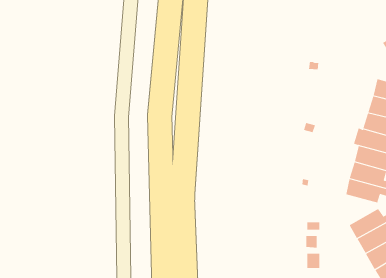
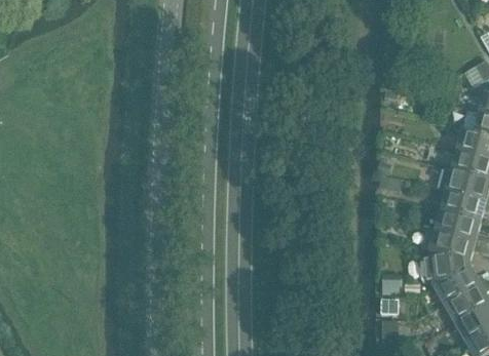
building: none -> [422,248,473,285]

